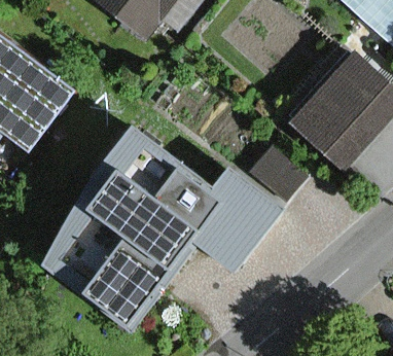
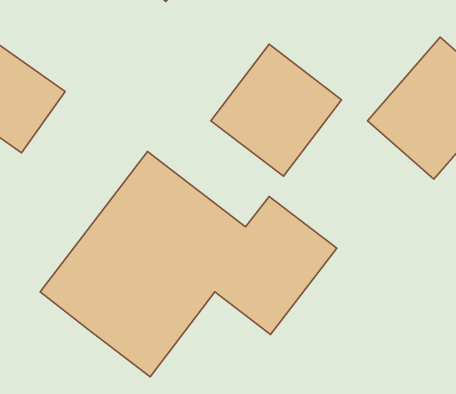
building: none -> [211,44,341,176]

